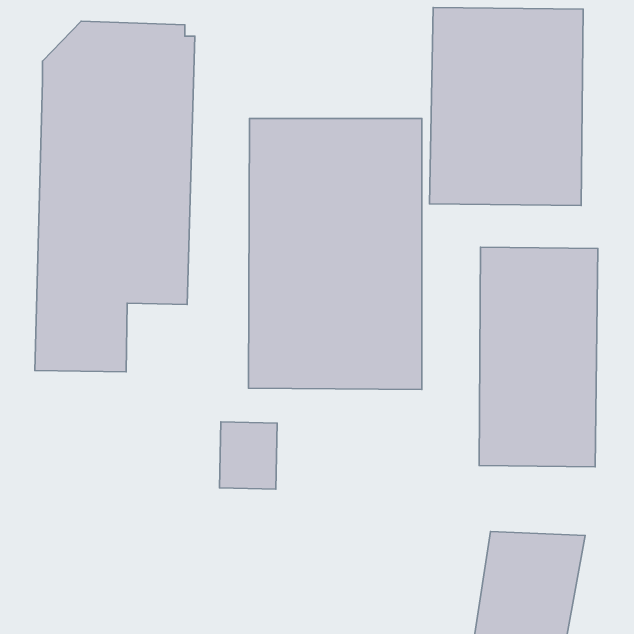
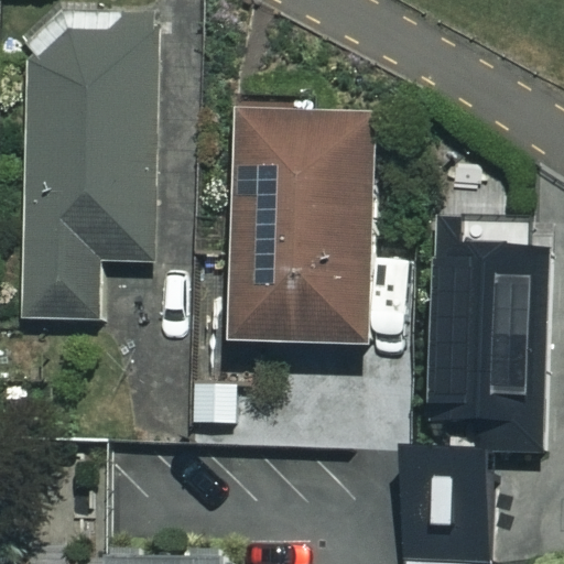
building: [430,8,583,205] -> none

